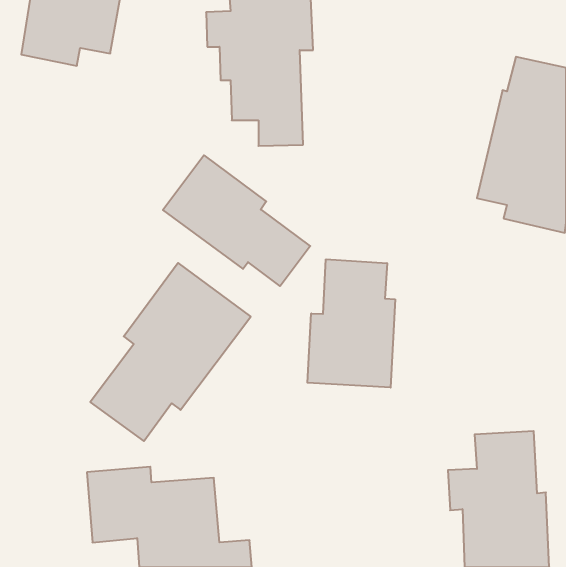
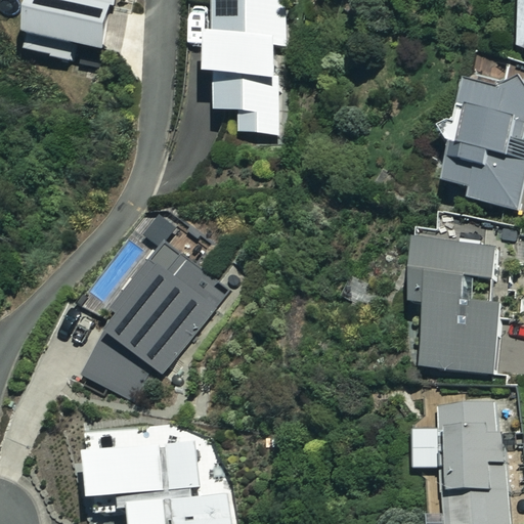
building: [163,155,310,286] -> none
building: none -> [408,224,496,373]
building: [307,259,395,388] -> none

